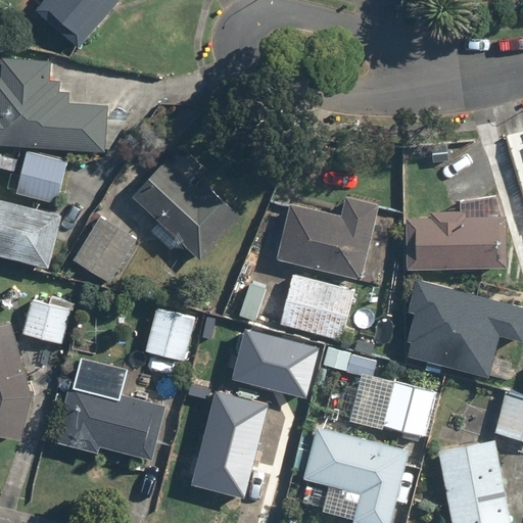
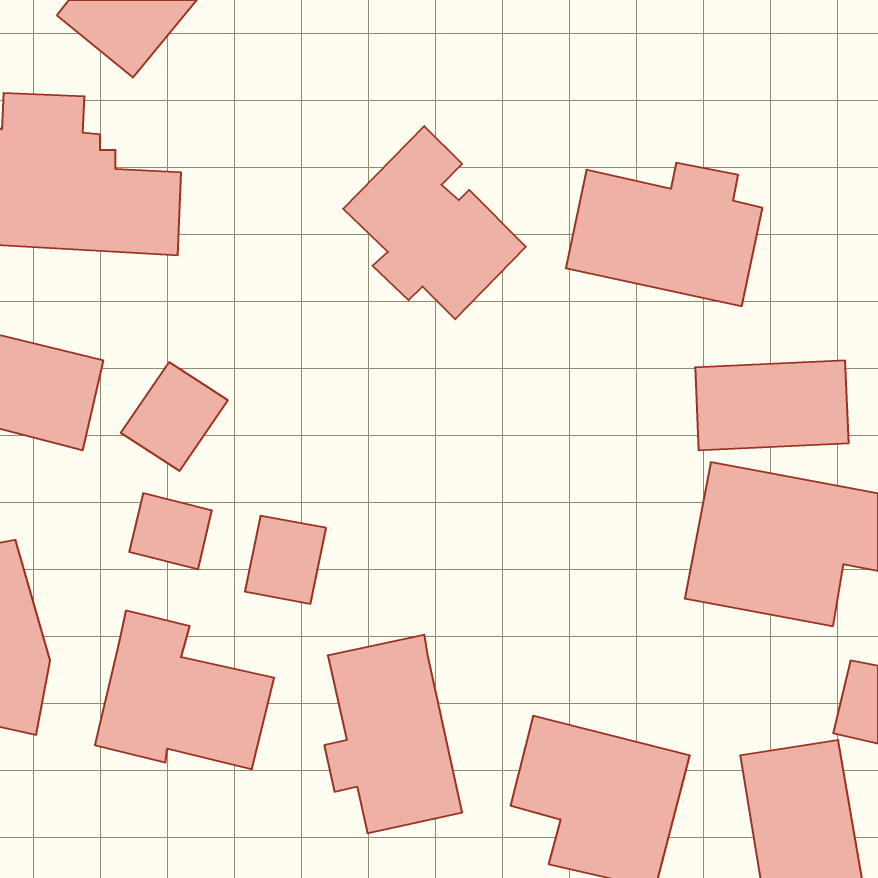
building: [131,145,239,259] -> [343,126,526,319]
building: [14,151,66,204] -> none
building: [276,199,392,284] -> [566,163,762,306]
building: [277,275,354,341] -> none
building: [20,299,69,344] -> [129,493,212,569]
building: [253,338,314,401] -> none
building: [322,347,438,438] -> none

